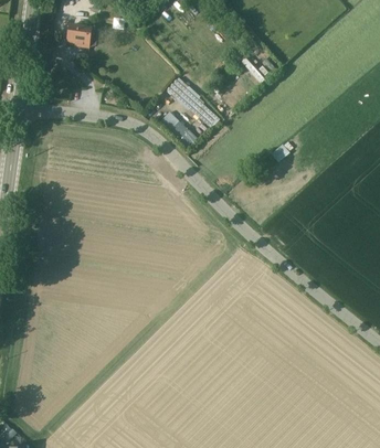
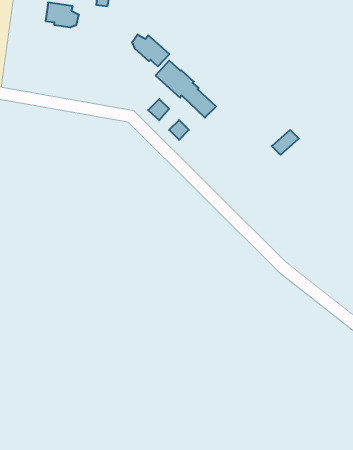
building: none -> [132,35,169,66]

